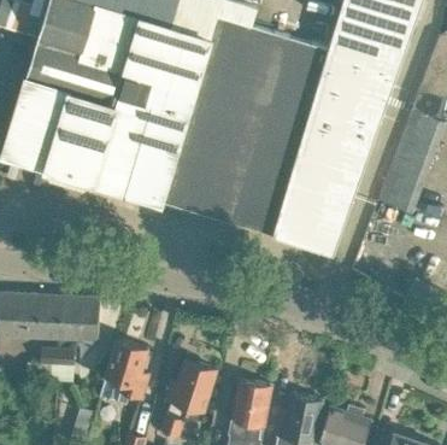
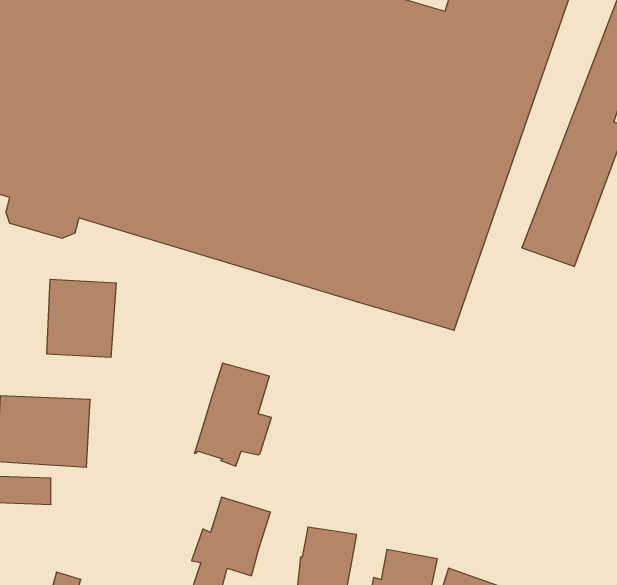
building: none -> [47,279,116,357]
building: [99,340,148,406] -> [194,363,271,466]

